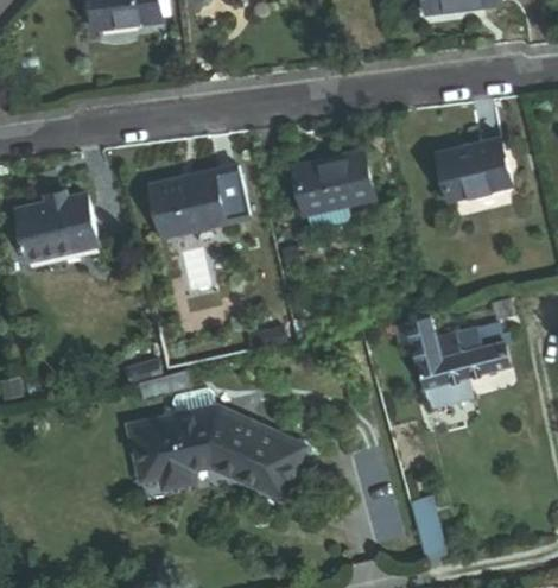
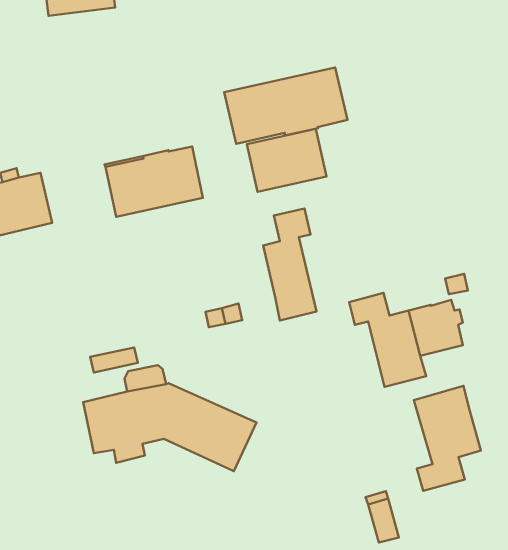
building: none -> [224,67,348,144]
building: [436,139,509,200] -> none
building: none -> [263,209,317,320]
building: none -> [414,386,481,491]

